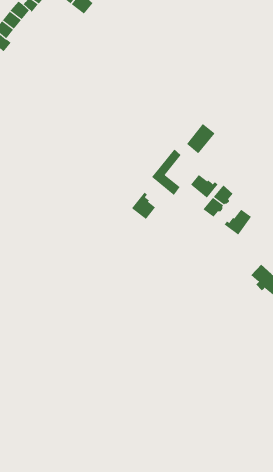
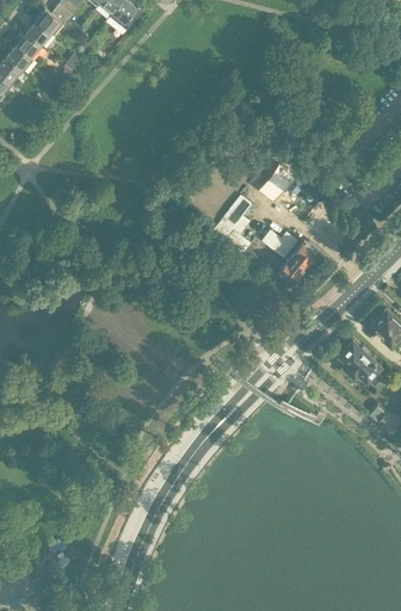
building: [131,192,156,220] -> none
building: [224,209,252,236] -> none

